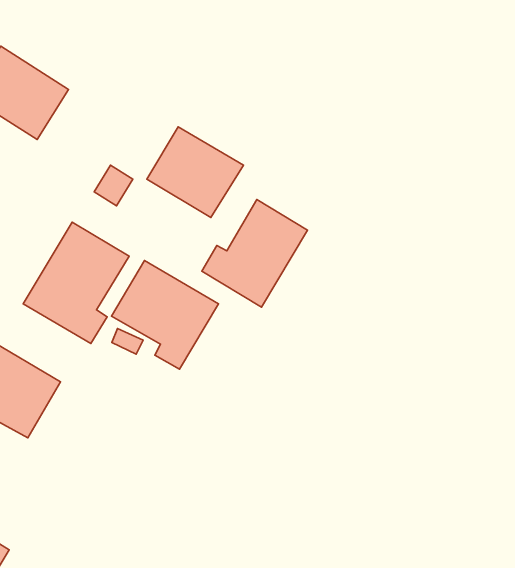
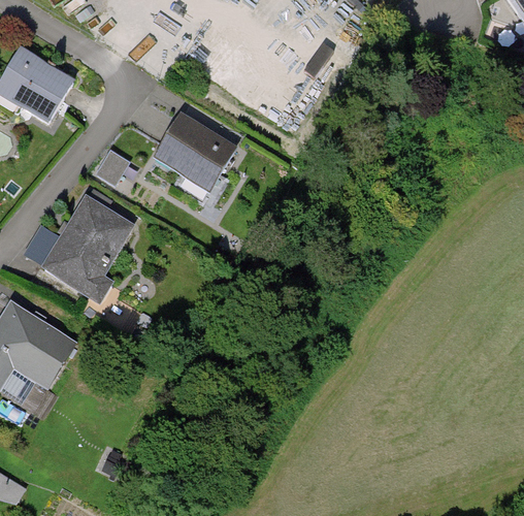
building: [202,200,307,307] -> none
building: [111,261,219,369] -> none

